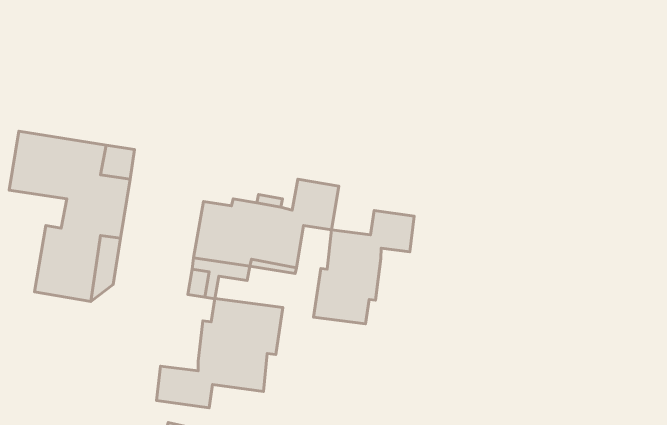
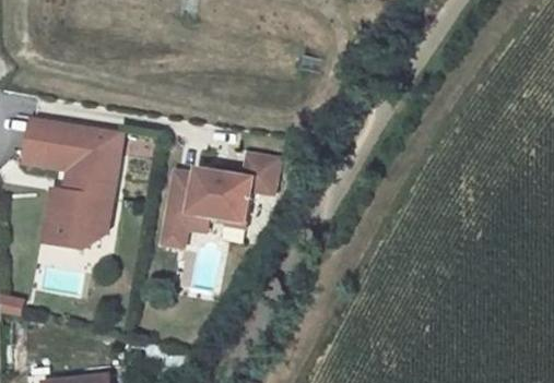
building: [313,211,414,324] -> none
building: [156,299,283,408] -> none

